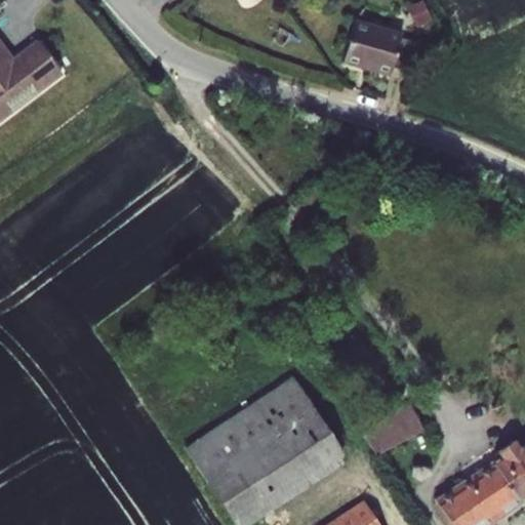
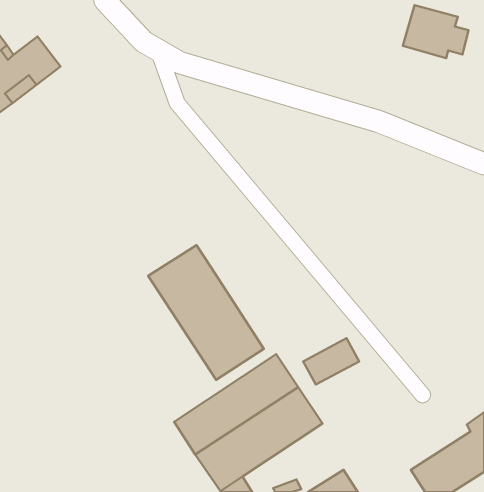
building: [340,22,410,78] -> [403,5,468,58]
building: none -> [148,245,264,380]
building: [366,405,426,454] -> [303,338,359,385]

